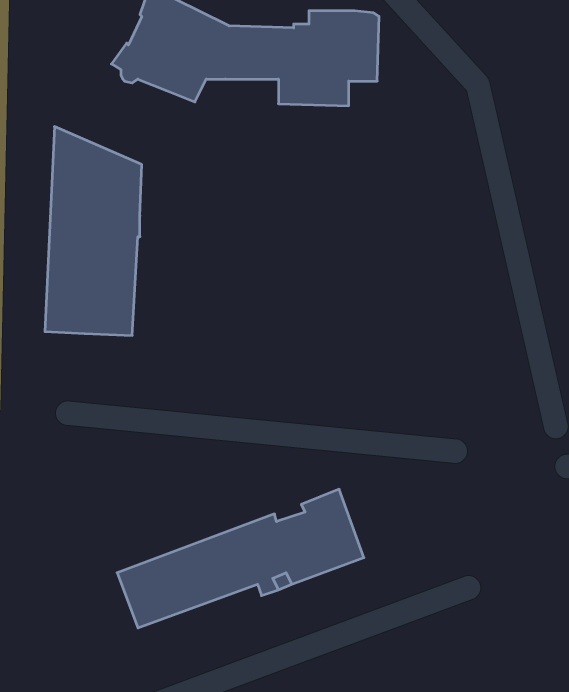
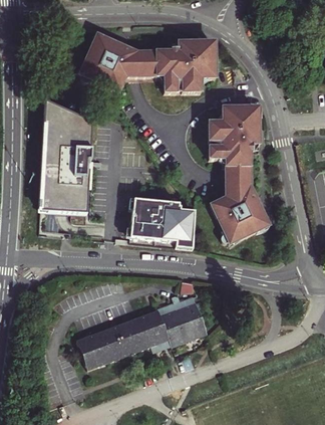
building: none -> [208,109,269,249]
building: none -> [129,199,195,248]

